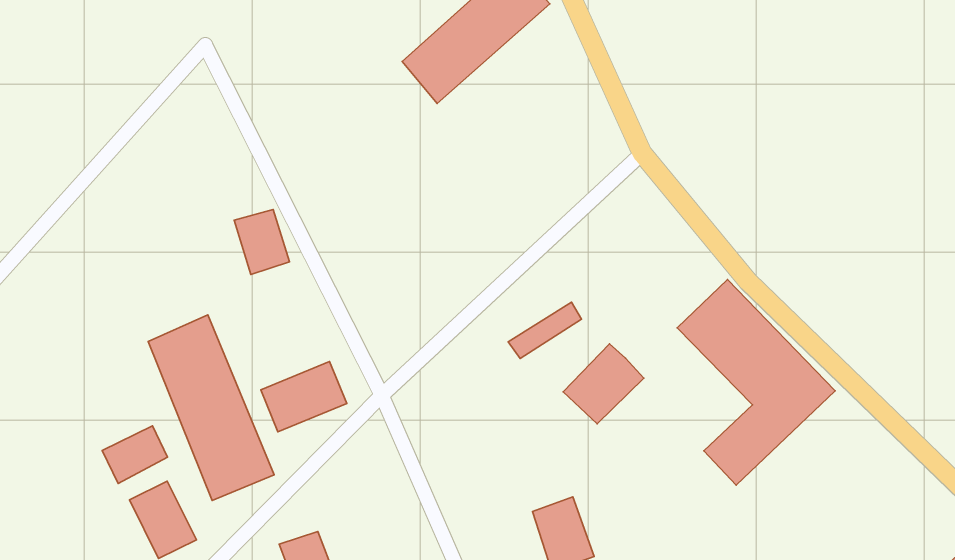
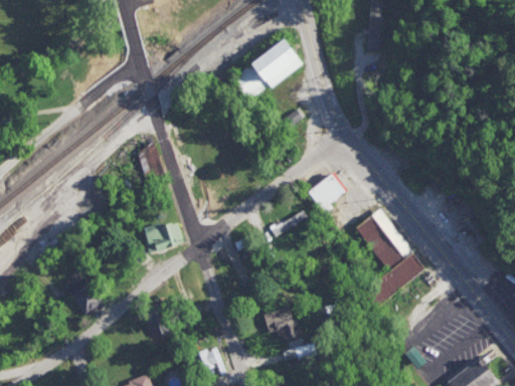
building: [148,315,274,500] -> none
building: [563,344,644,424] -> [304,173,345,212]
building: [102,426,168,483] -> none

